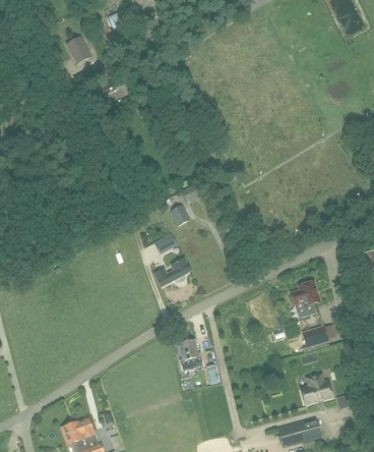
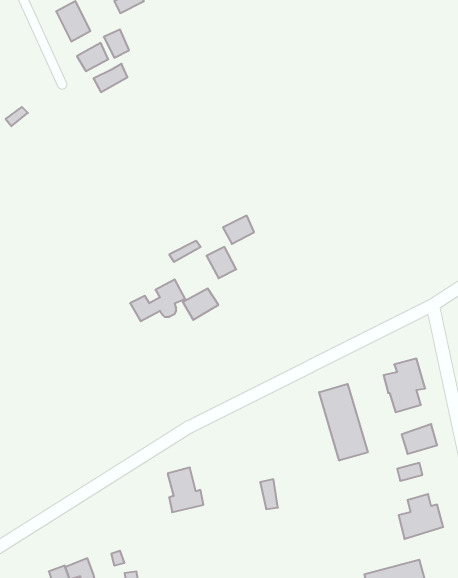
building: [153,257,191,285] -> [130,279,185,321]
building: none -> [319,384,368,461]
building: [179,339,203,370] -> [168,468,203,512]

